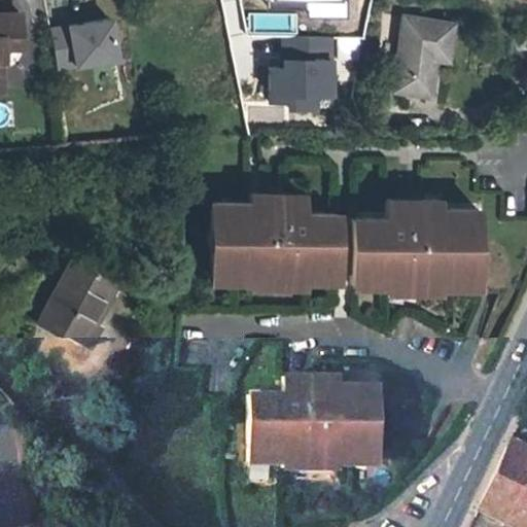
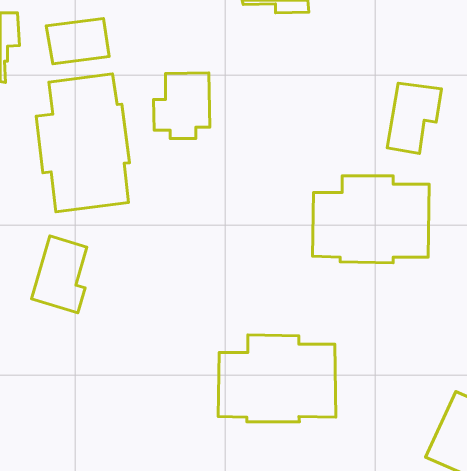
building: [395,14,456,93] -> [387,83,442,153]
building: [277,41,340,114] -> [153,73,210,138]
building: none -> [36,74,130,212]
building: [211,194,340,289] -> none

